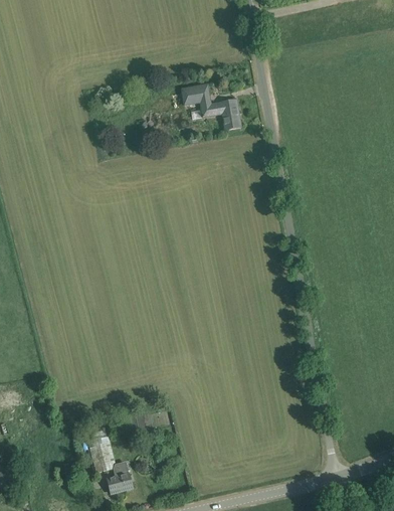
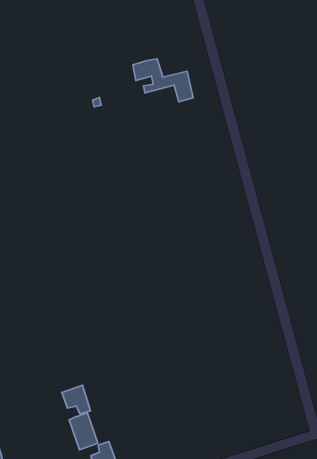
building: none -> [62,385,90,414]

